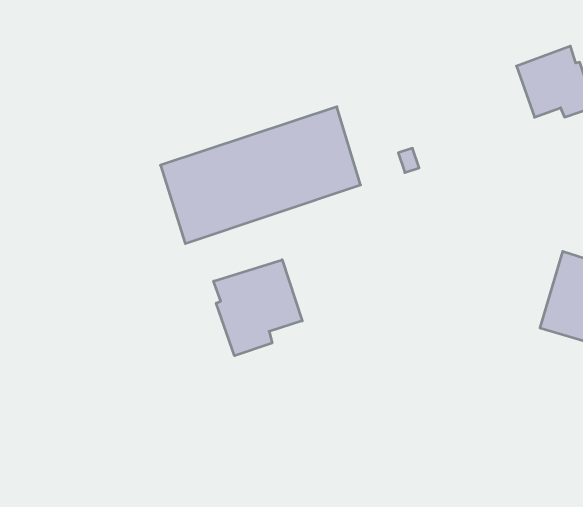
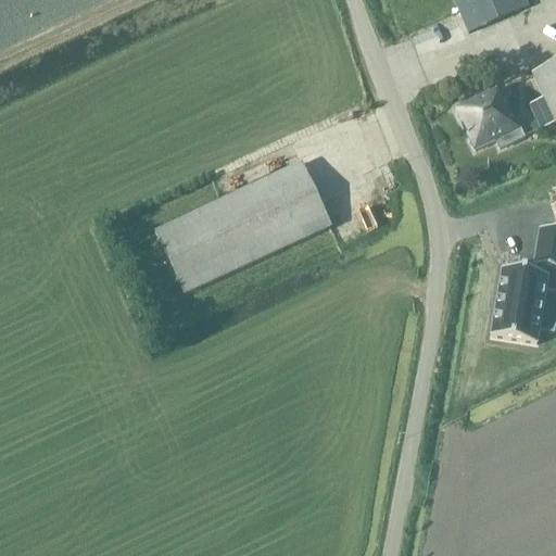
building: [214,260,302,356] -> none

